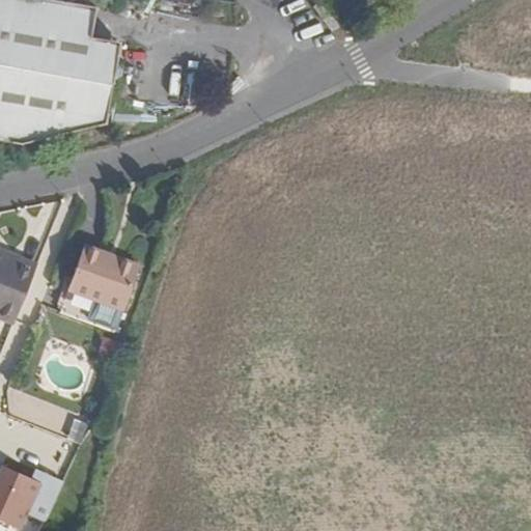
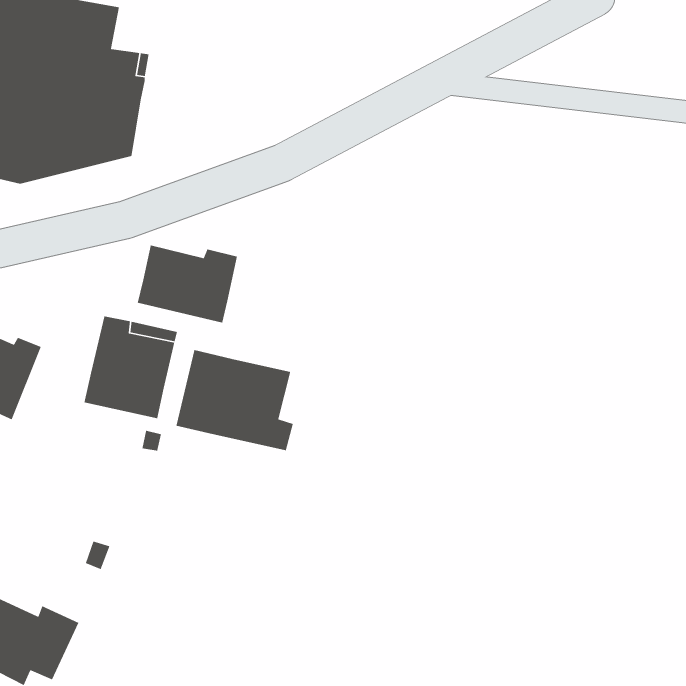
building: none -> [137,244,238,323]
building: none -> [175,349,294,451]

